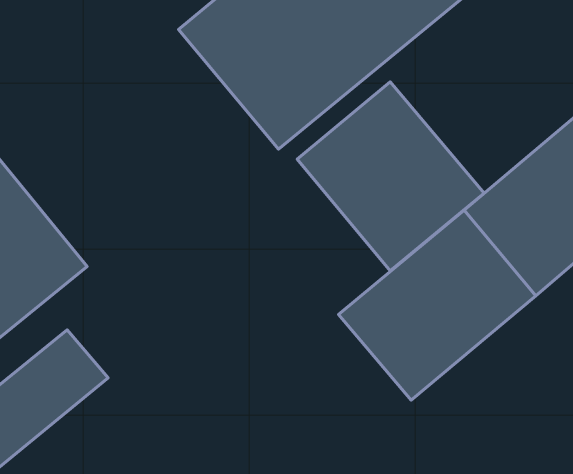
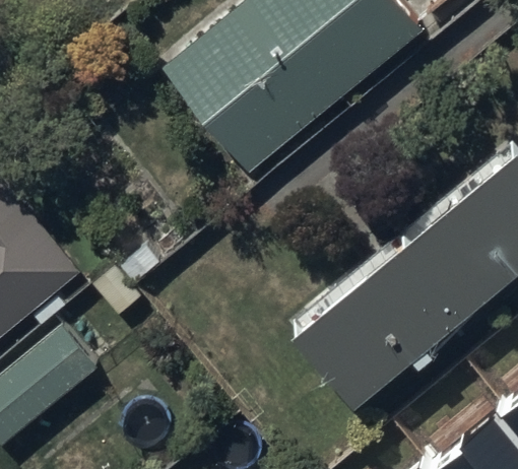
building: [297,82,484,271] -> none

